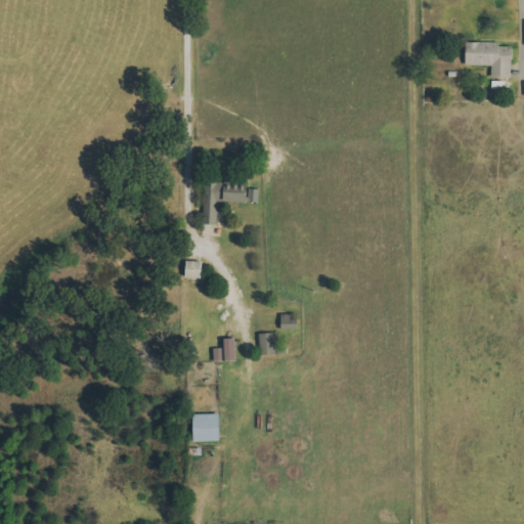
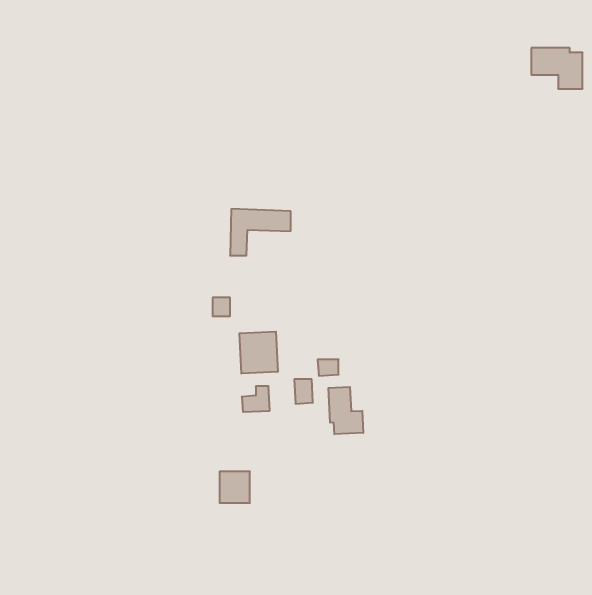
building: none -> [239,332,278,374]
building: none -> [328,387,363,434]

